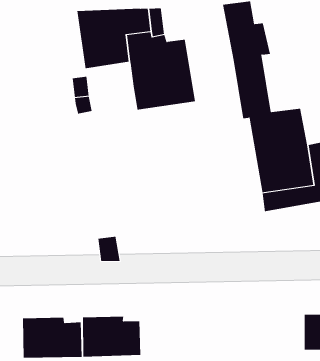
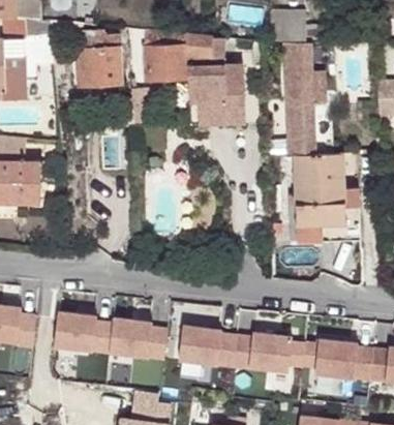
building: none -> [79,25,122,89]
building: none -> [179,325,294,370]

